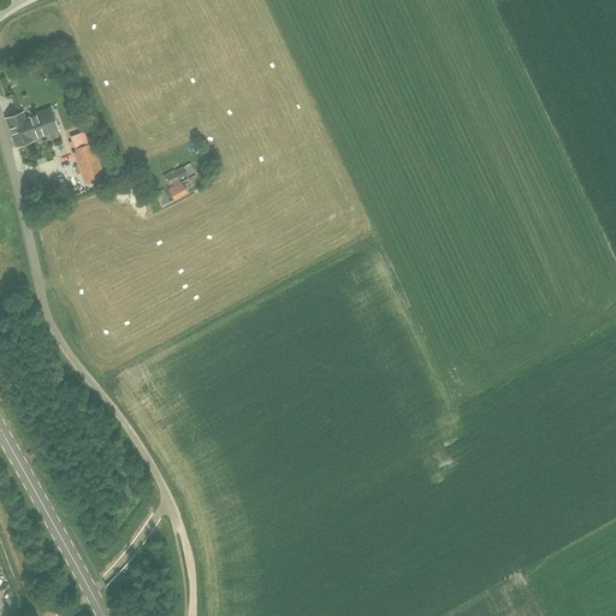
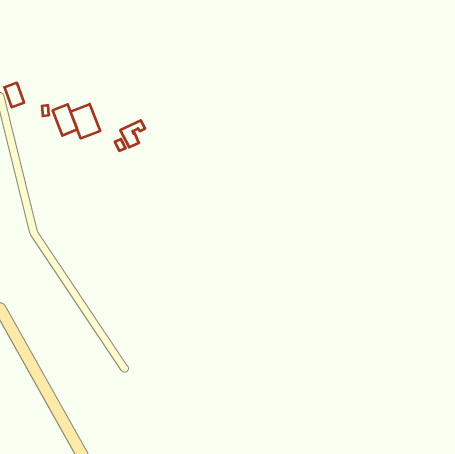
building: [25,107,58,138] -> none
building: none -> [70,104,100,138]

